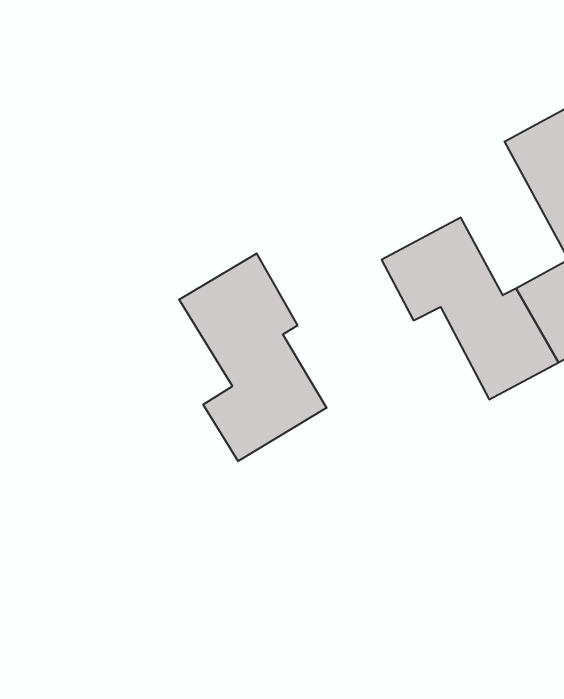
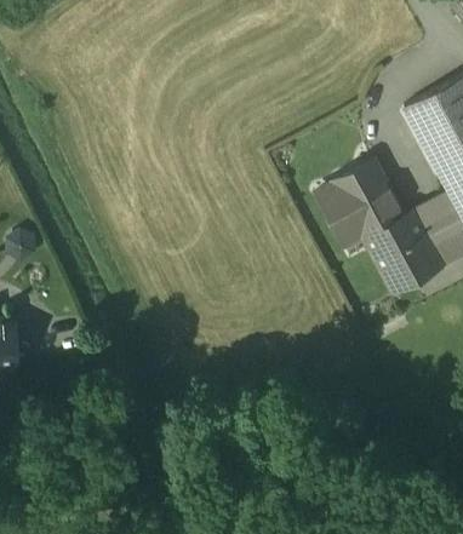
building: [179,253,327,461] -> none

